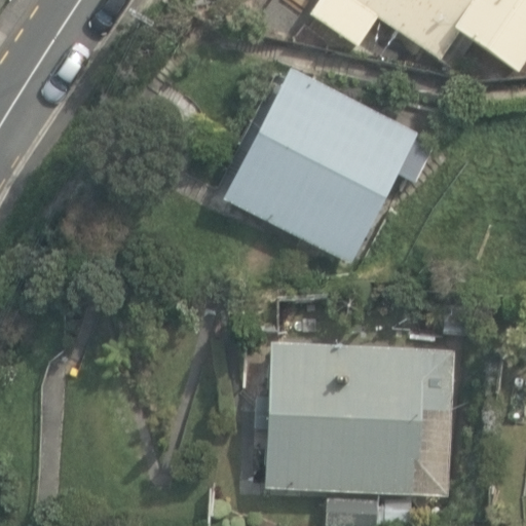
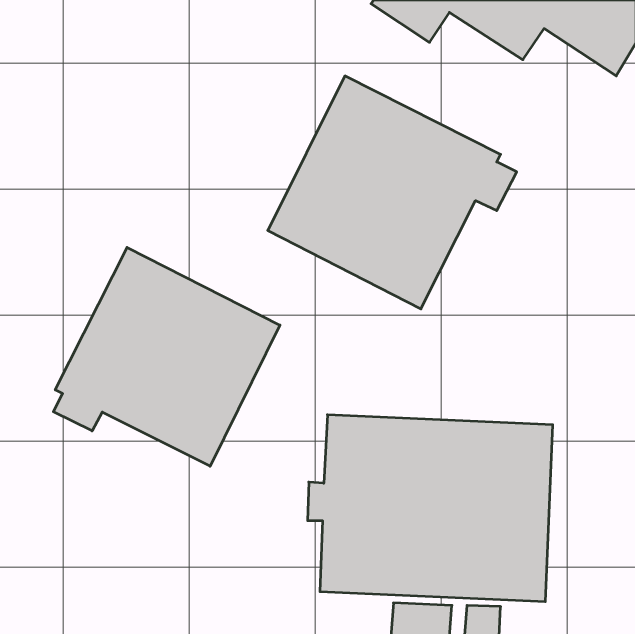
building: none -> [53,247,280,466]

